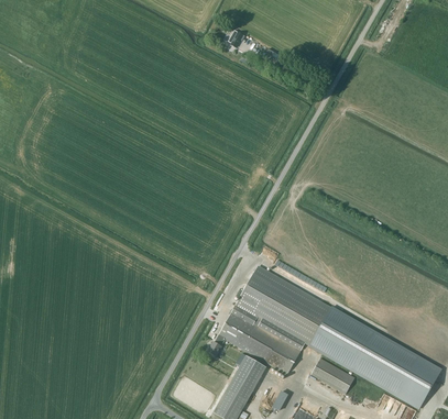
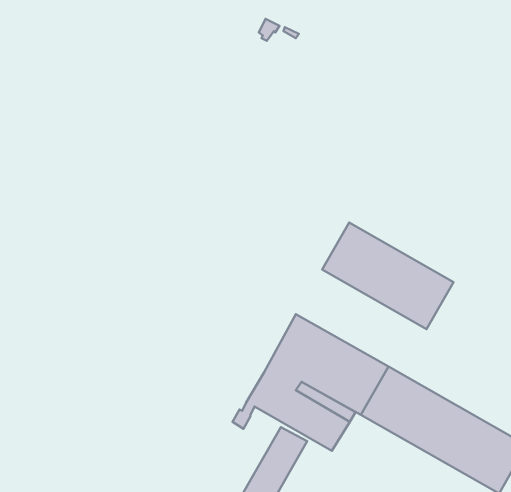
building: none -> [322,223,453,329]
building: [310,357,354,394] -> none

